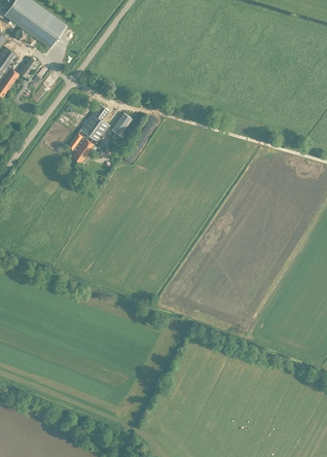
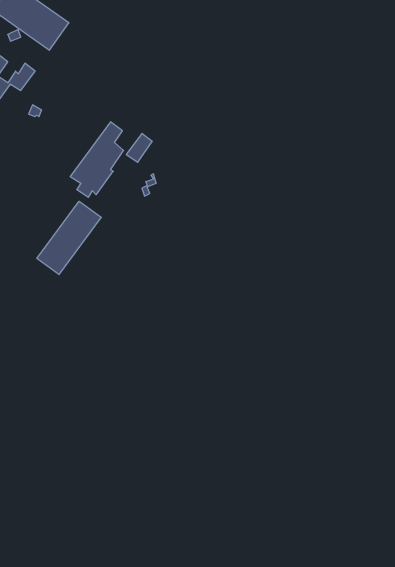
building: none -> [37,201,101,275]

